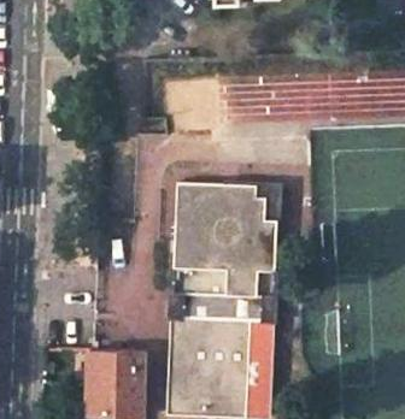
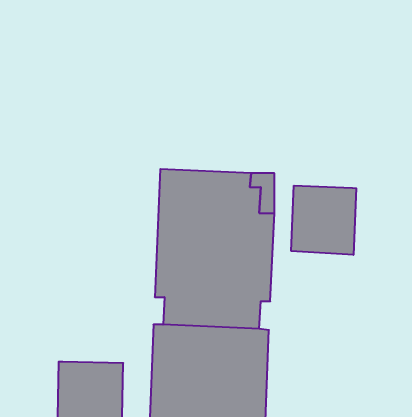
building: none -> [291,186,356,255]

